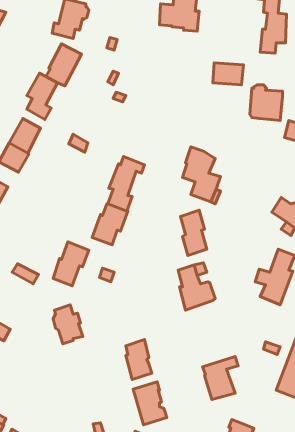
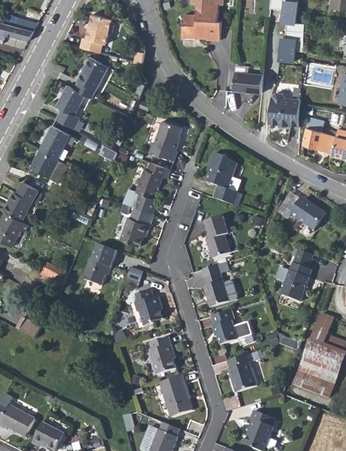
building: none -> [149,120,182,159]
building: [53,305,83,344] -> [133,288,161,325]
building: none -> [209,309,250,344]

